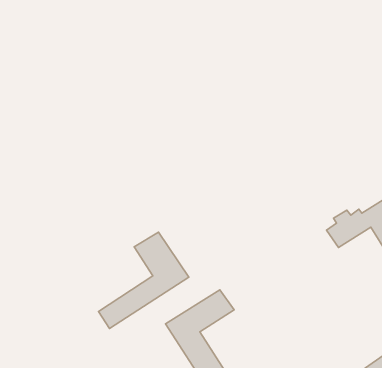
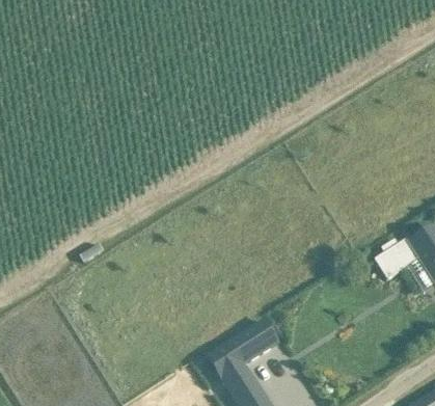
building: [99,232,189,328] -> none

